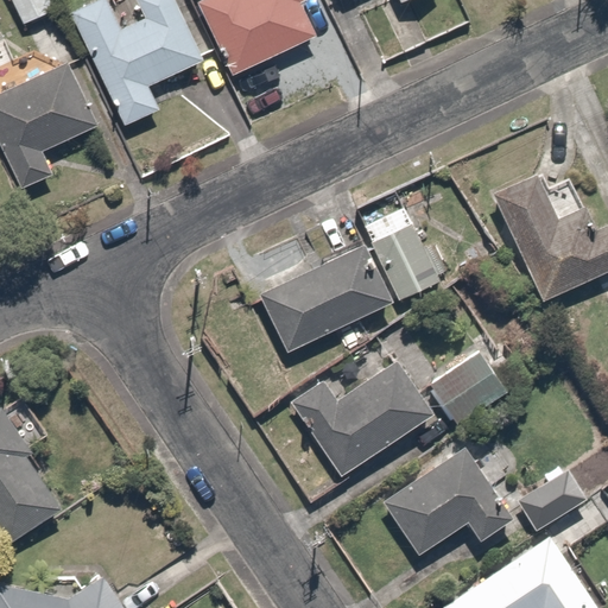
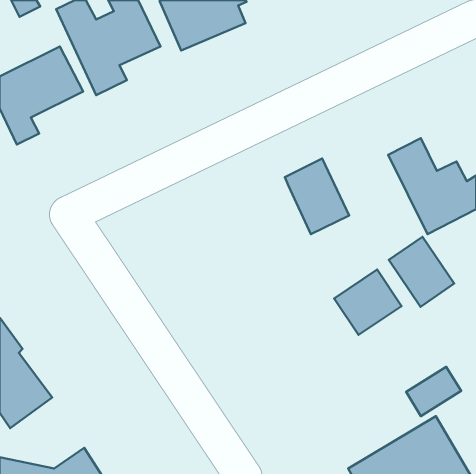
building: [259,240,395,353] -> none
building: none -> [389,237,454,307]
building: [290,361,435,476] -> none
building: [384,451,512,551] -> none

